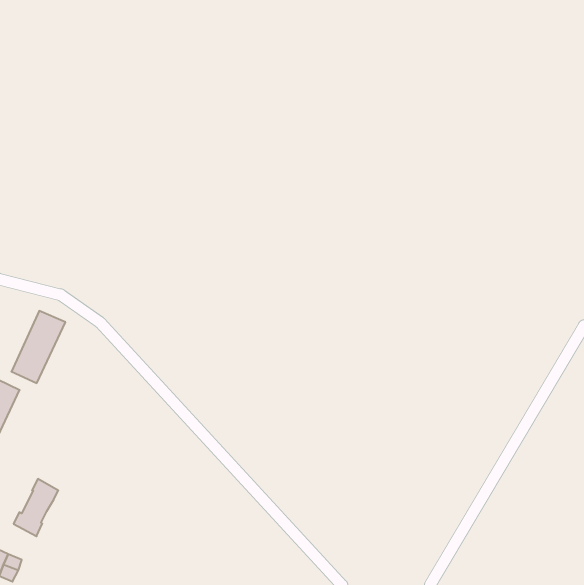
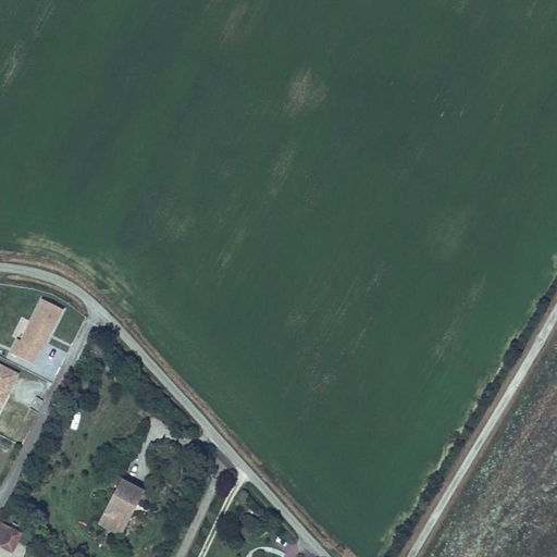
building: [14,479,58,536] -> [98,481,140,535]

